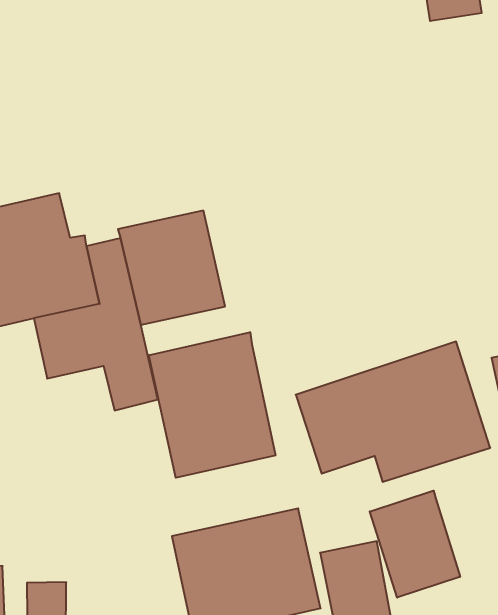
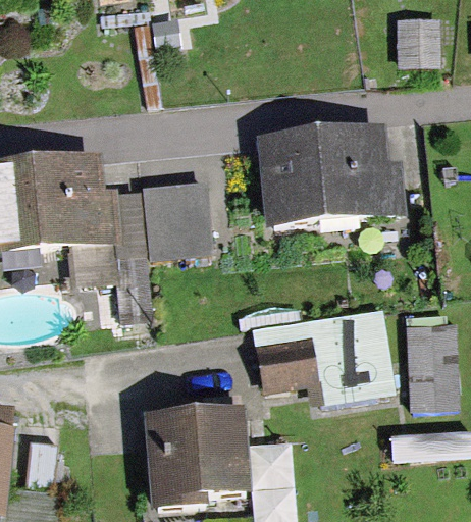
building: none -> [258,124,406,224]
building: [149,332,275,478] -> none
building: [370,491,460,598] -> none

